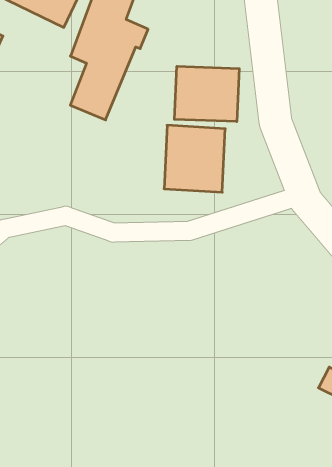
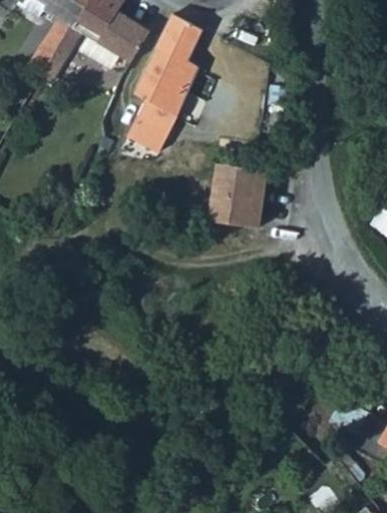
building: [174,66,239,122] -> none

